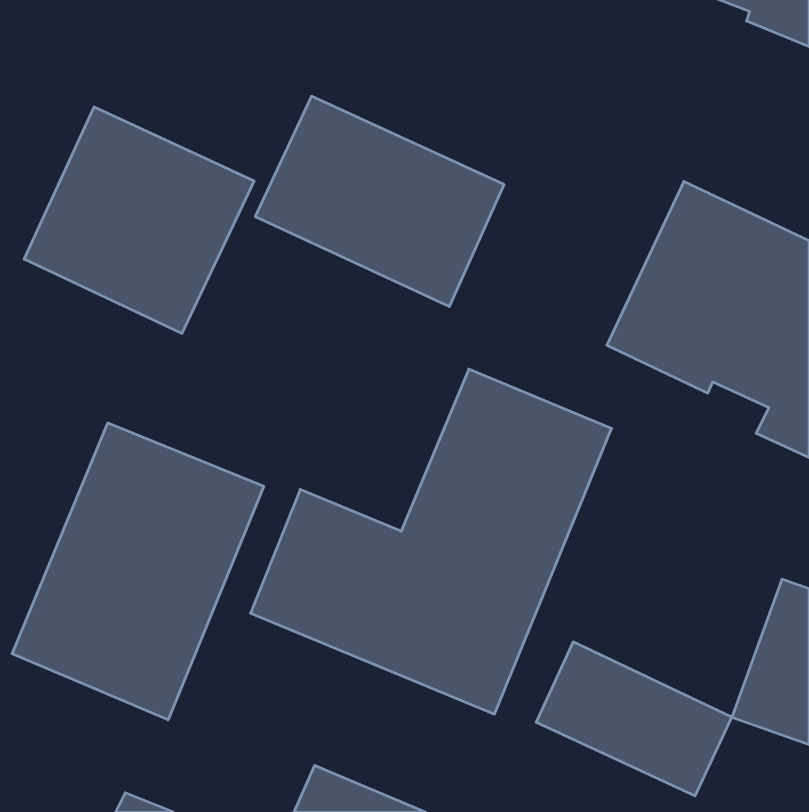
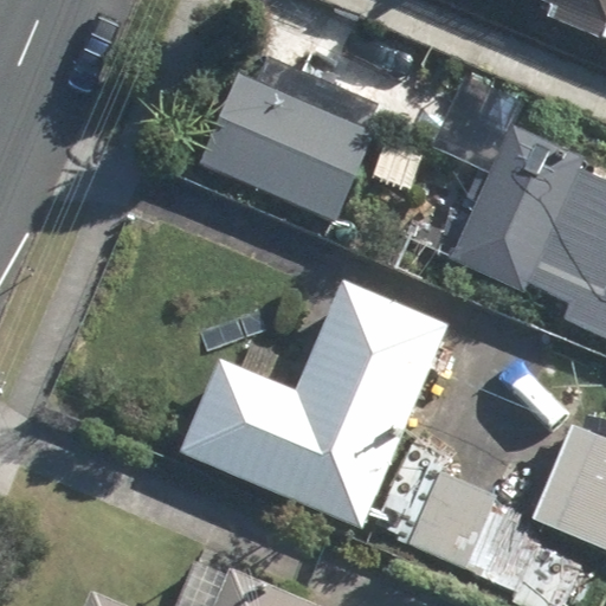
building: [24,107,254,333] -> none
building: [12,423,264,720] -> none

